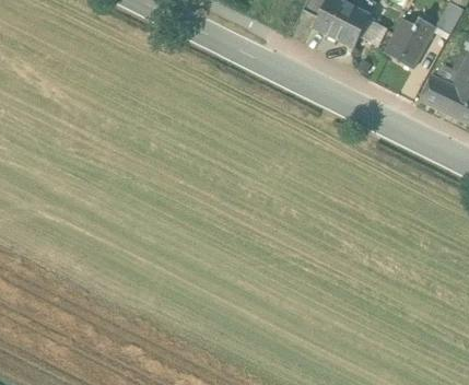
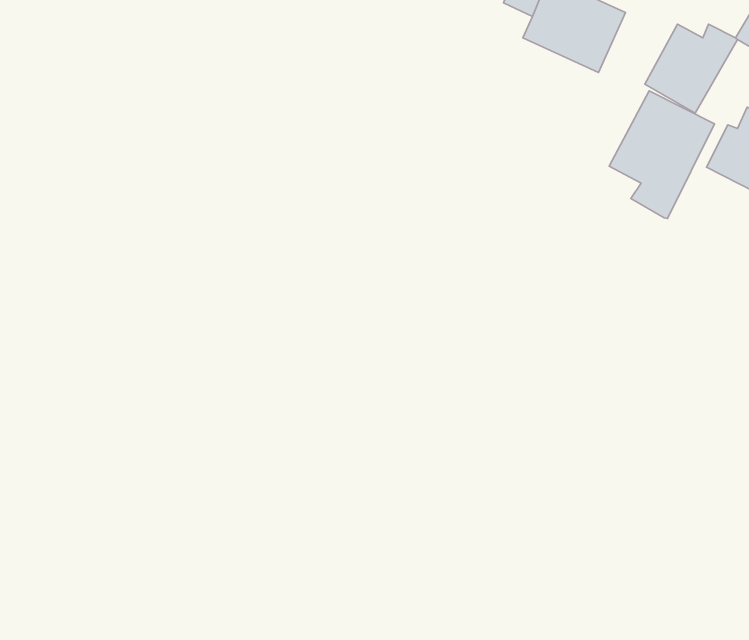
building: none -> [609,91,715,218]

